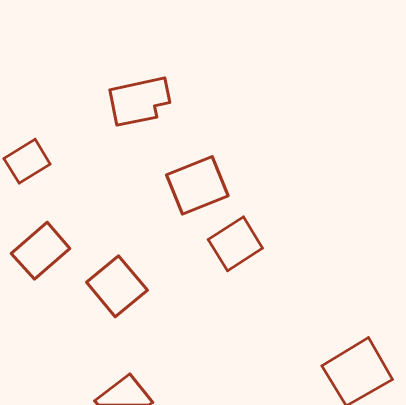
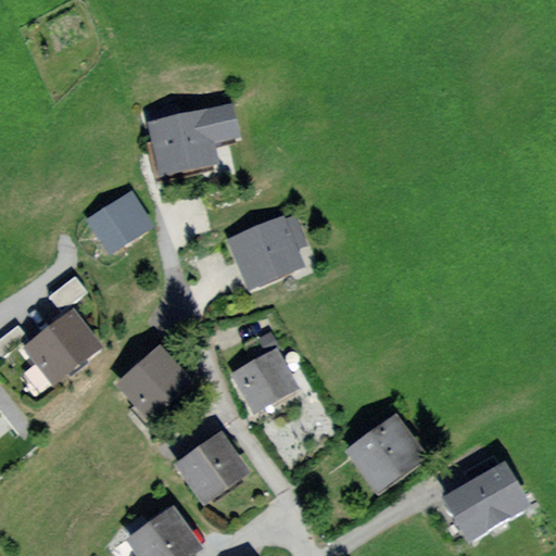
building: [4,139,50,183] -> [88,194,151,254]
building: [208,217,263,271] -> [236,341,309,414]
building: none -> [343,406,432,493]
building: none -> [170,431,250,509]

